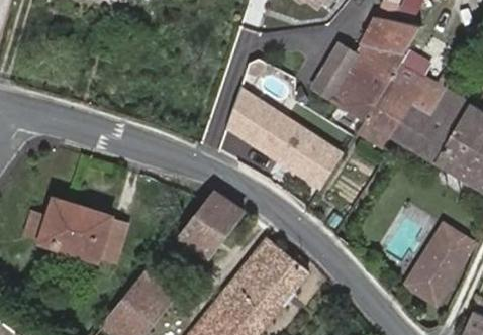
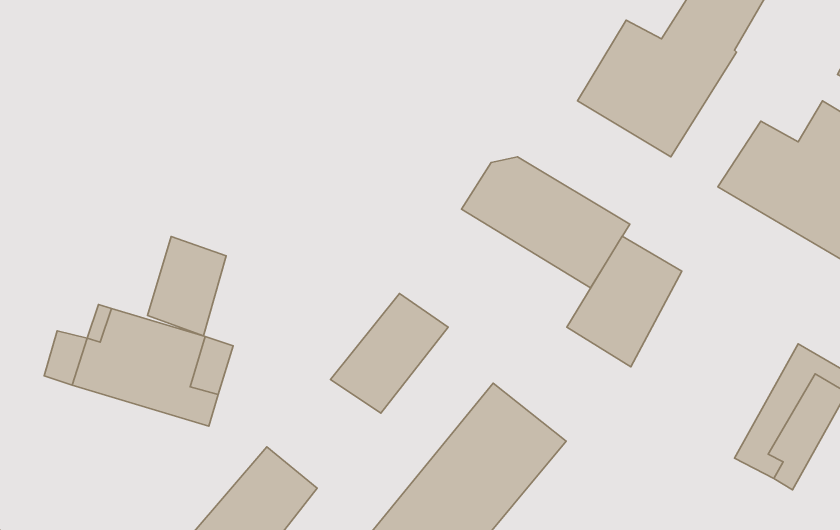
building: [364,51,446,134] -> none
building: [225,102,267,146] -> none
building: none -> [567,236,682,367]
building: none -> [147,236,226,336]

